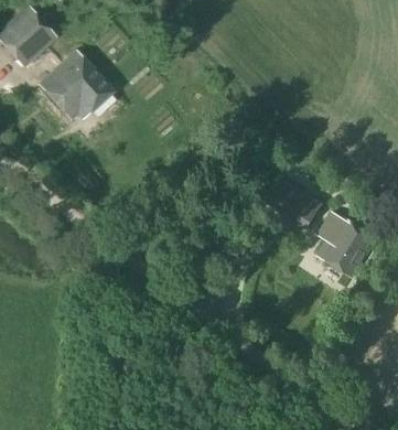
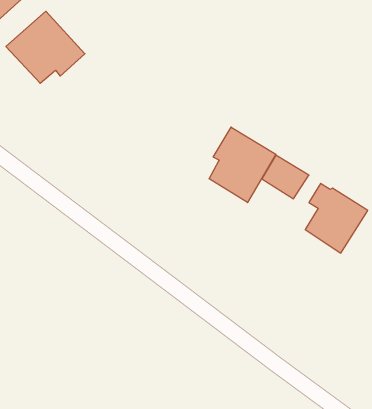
building: none -> [209,127,276,203]

